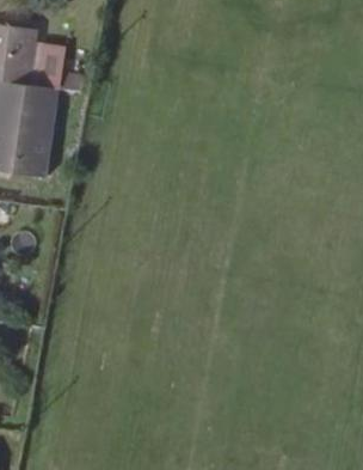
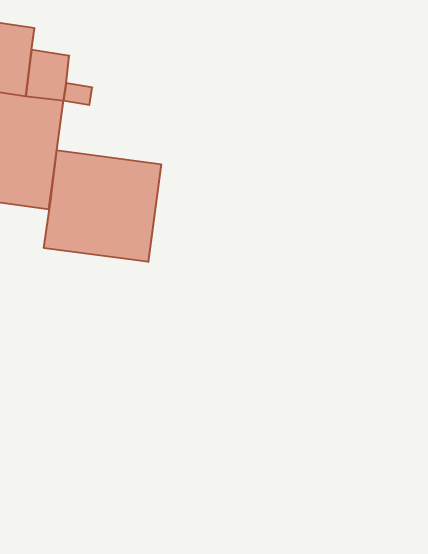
building: none -> [44,150,161,262]

